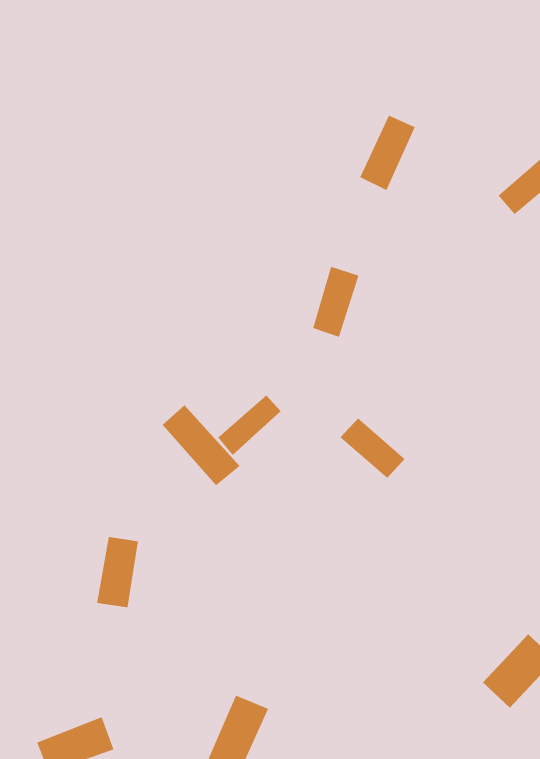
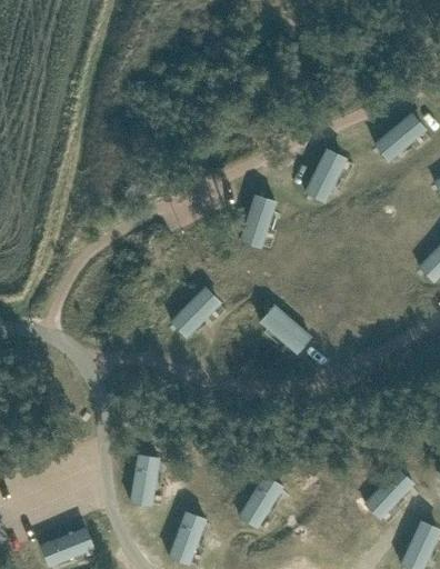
building: [359,115,416,191] -> [306,150,347,206]
building: [162,404,241,486] -> none
building: [96,536,139,608] -> [128,452,159,505]
building: none -> [238,473,283,526]

